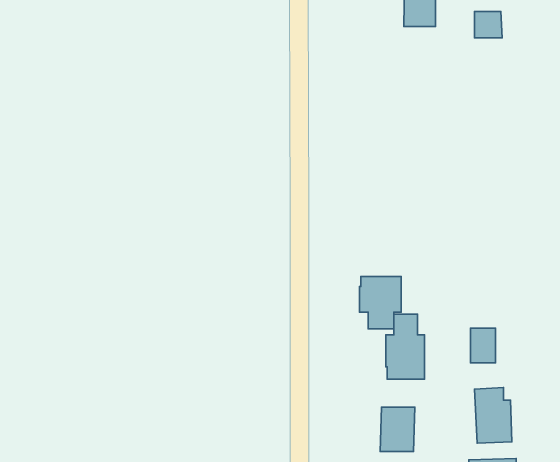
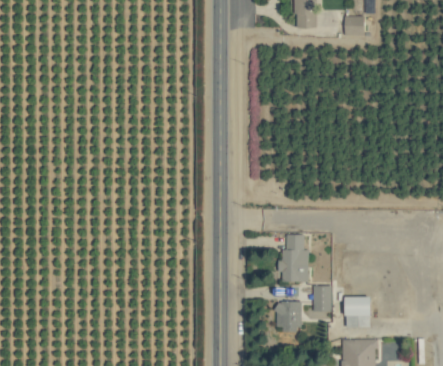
building: [359,277,401,329] -> none
building: [471,328,496,363] -> [312,286,330,311]

